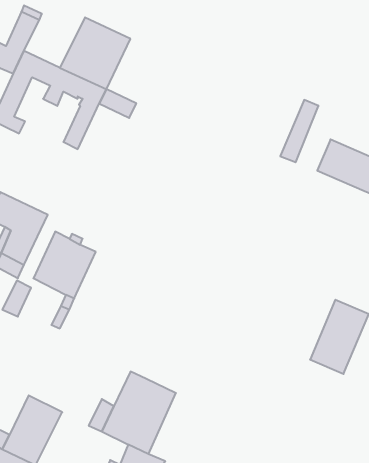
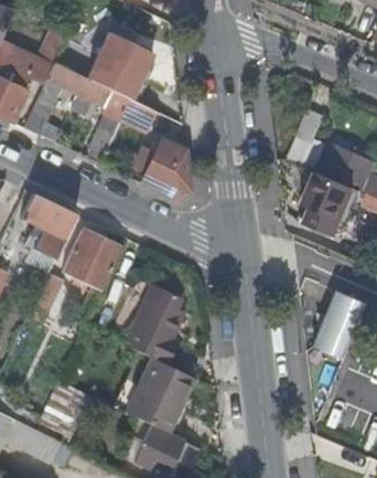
building: none -> [141,138,192,201]
building: none -> [305,174,359,237]
building: none -> [122,286,183,365]

